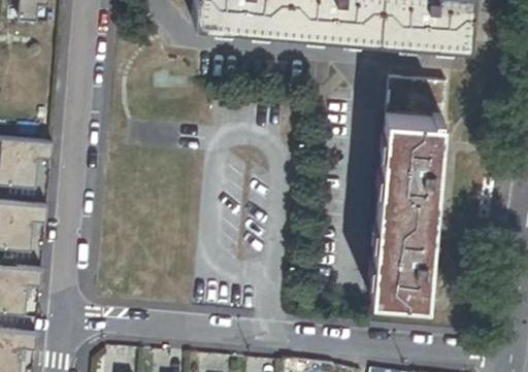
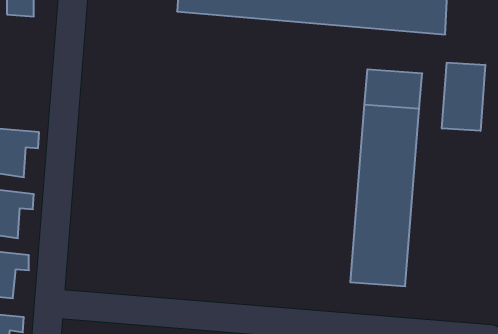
building: none -> [442,63,485,131]

